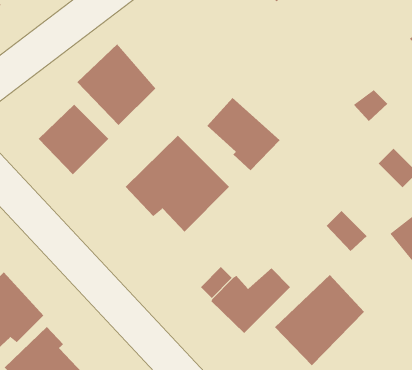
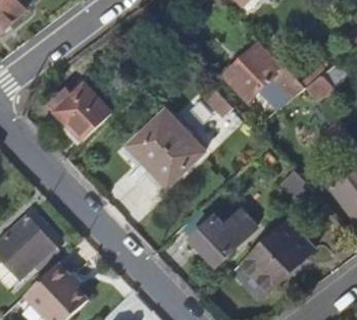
building: [77,44,156,126] -> none
building: none -> [220,45,297,100]

